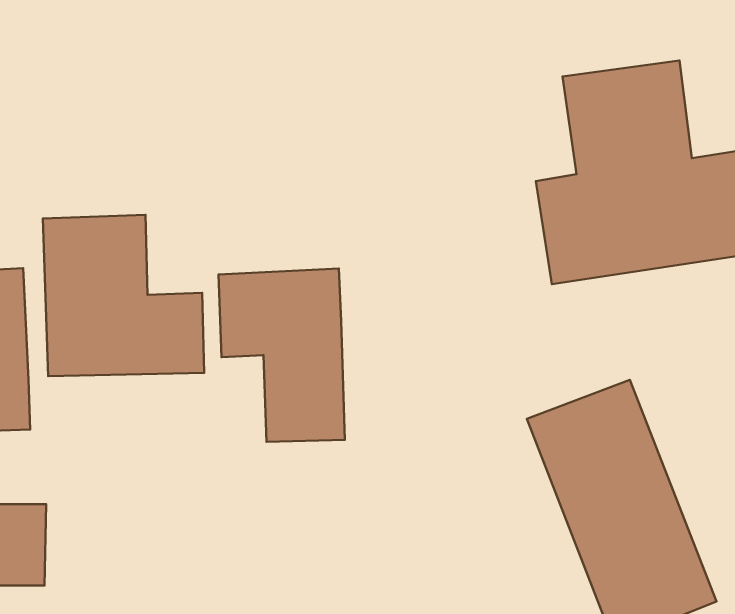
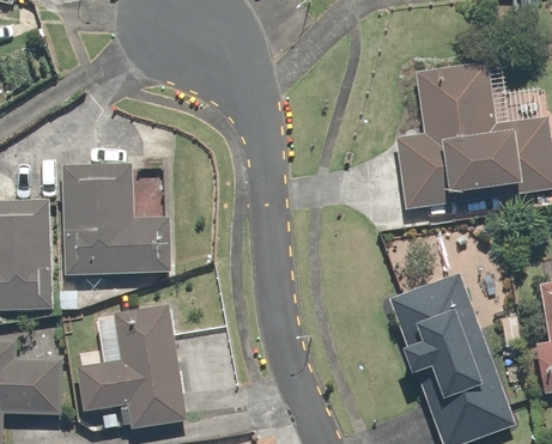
building: [219,268,345,442] -> none
building: none -> [75,306,184,424]

